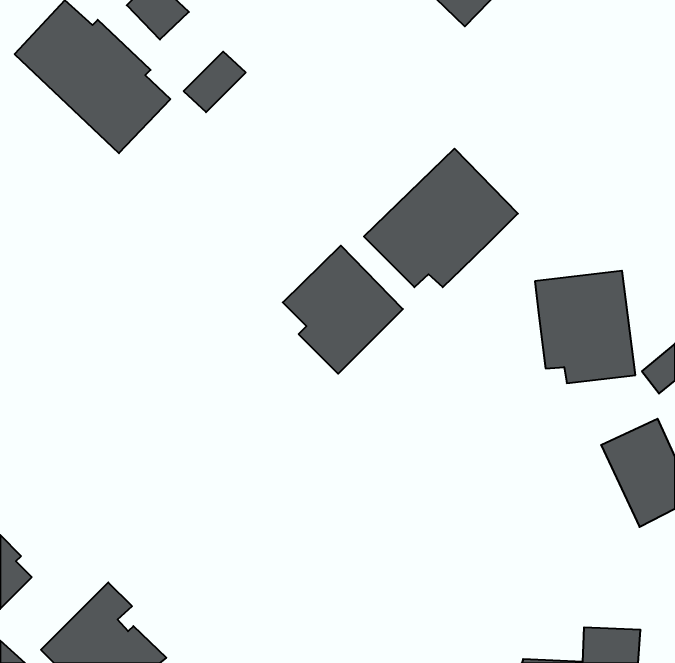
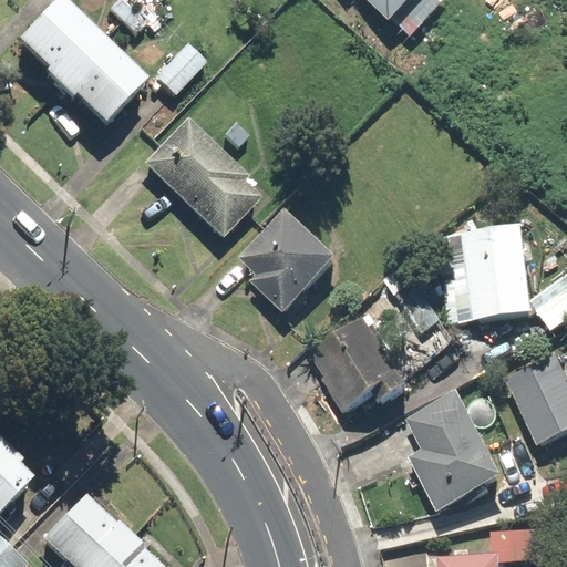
building: none -> [143,116,257,234]
building: [364,149,518,287] -> none
building: none -> [308,319,411,417]
building: none -> [406,389,501,509]

